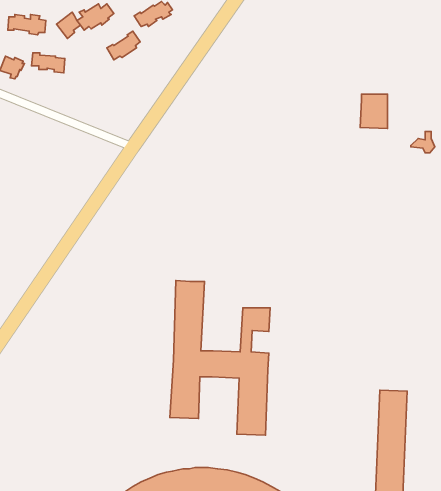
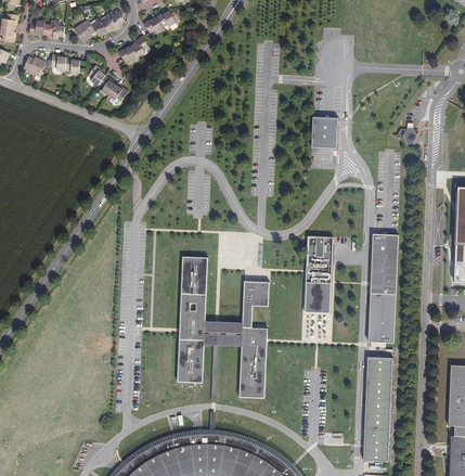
building: none -> [88,62,128,100]
building: [360,94,388,129] -> [309,119,334,151]
building: none -> [369,235,398,345]
building: none -> [302,240,330,314]

